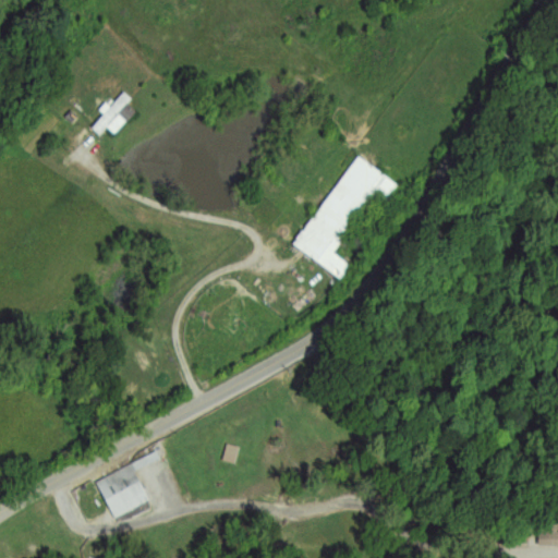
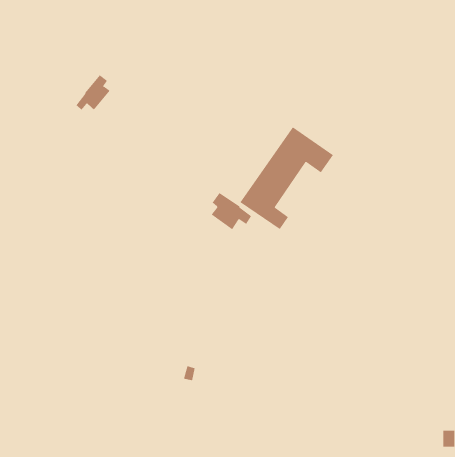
building: none -> [211,192,252,230]
building: [98,468,148,518] -> none

